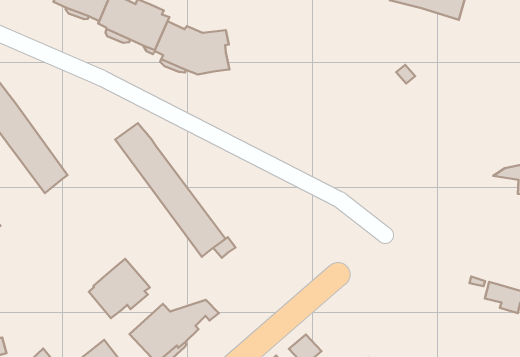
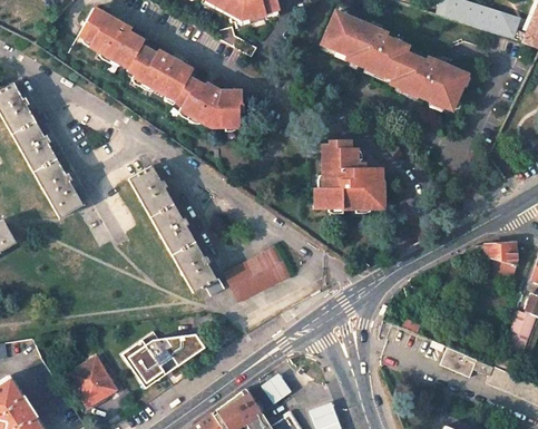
building: none -> [313,140,384,208]
building: none -> [225,246,291,301]
building: [89,259,150,318] -> none

